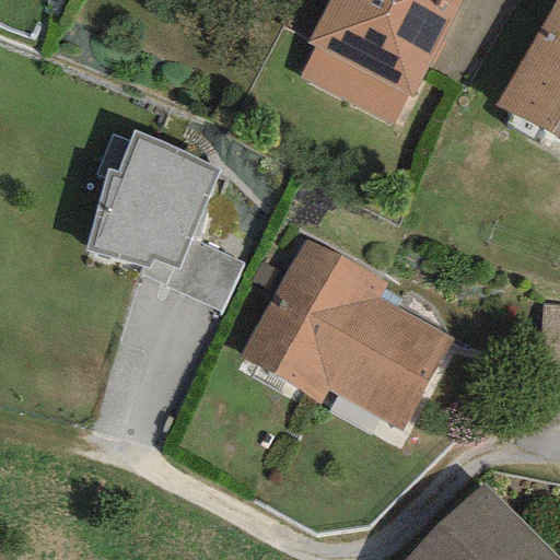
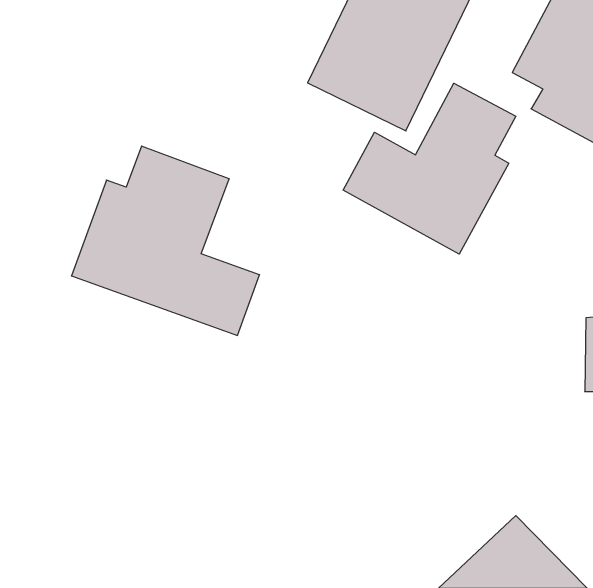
building: none -> [343,83,516,254]
building: [244,235,458,430] -> none

